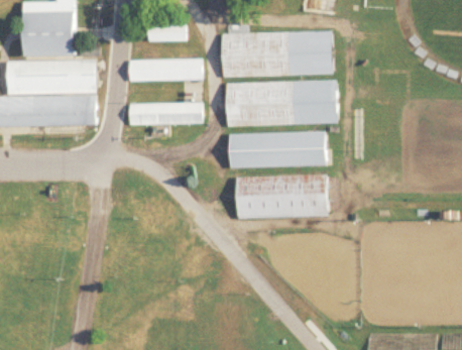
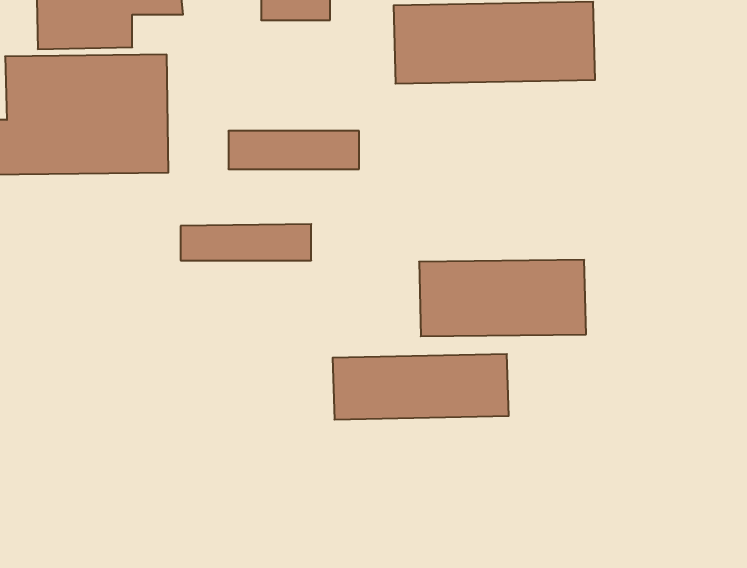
building: [128,60,201,80] -> [181,224,311,260]
building: [225,81,337,125] -> none
building: [229,131,327,167] -> [333,354,509,420]

